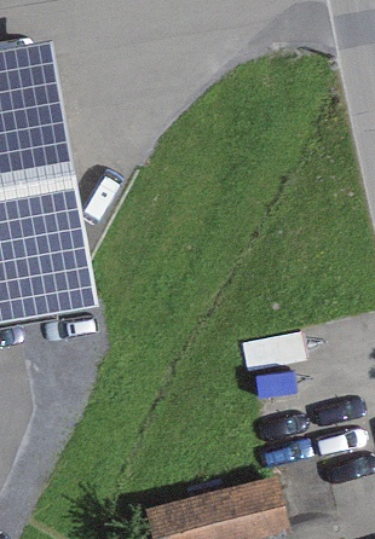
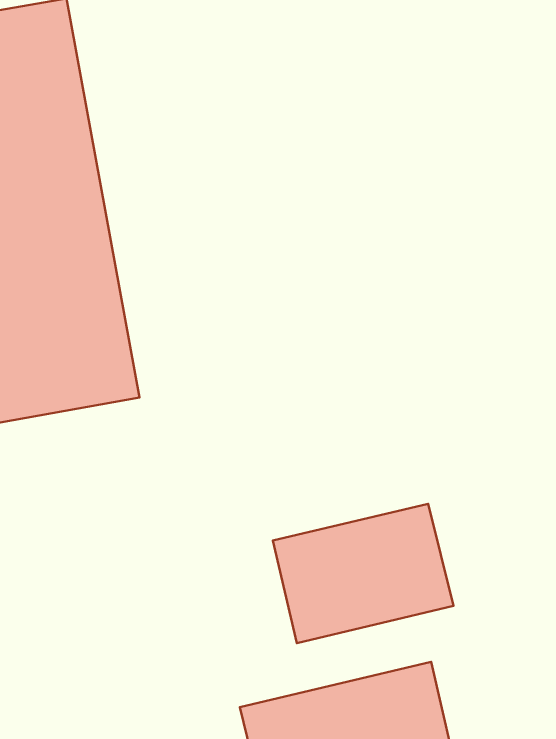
building: none -> [273,504,454,643]

